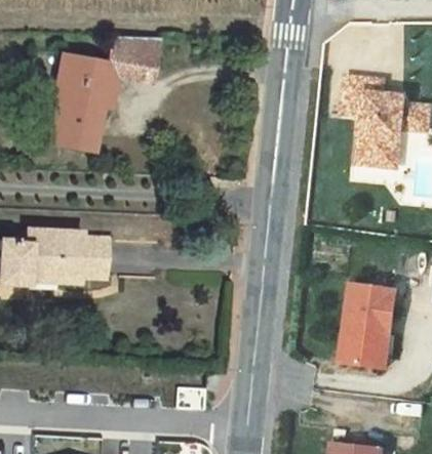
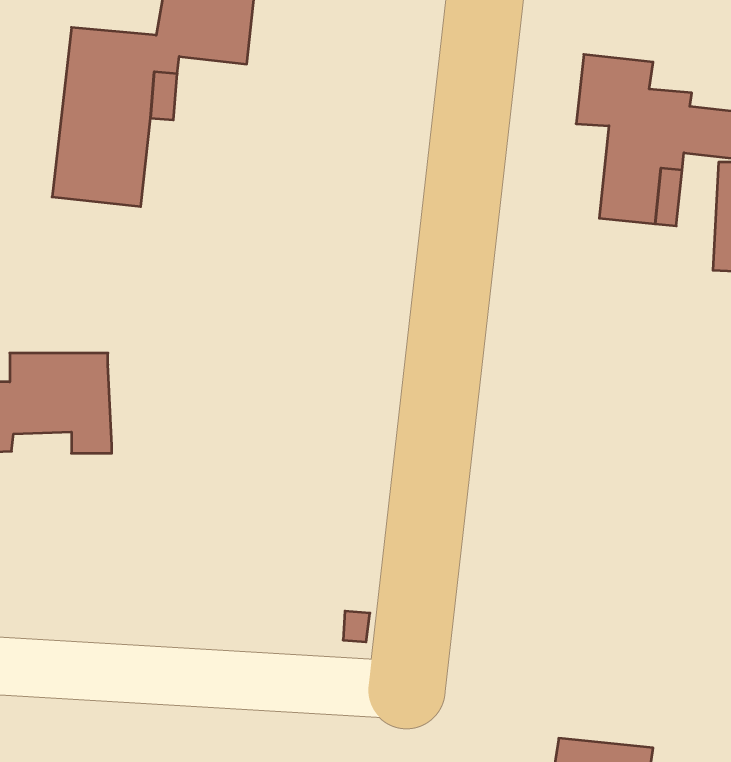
building: [86,238,116,282] -> none
building: [333,278,390,363] -> none

